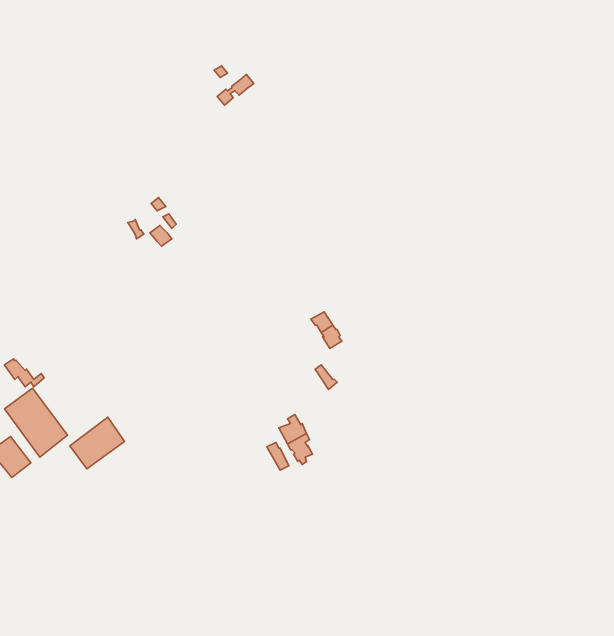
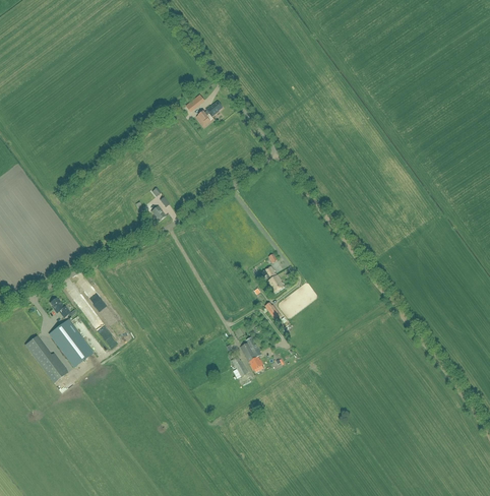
building: [70,417,125,469] -> none

